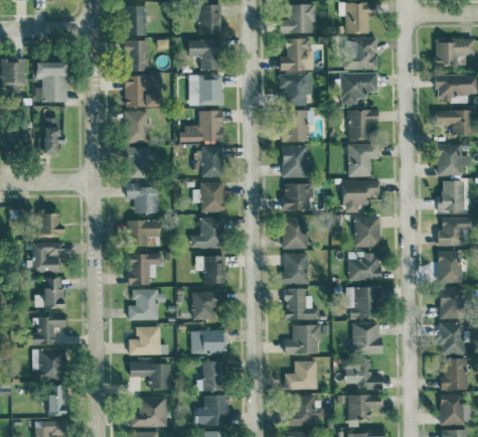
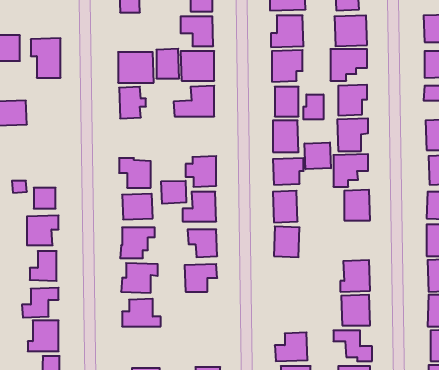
building: [126,40,149,70] -> [156,49,179,78]
building: [43,118,61,152] -> none
building: none -> [303,94,323,119]
building: [200,145,223,176] -> none
building: [128,147,150,178] -> none
building: none -> [305,142,331,169]
building: none -> [161,181,186,204]
building: [347,253,379,281] -> none
building: [284,288,319,319] -> none
building: [284,324,319,353] -> none
building: [190,329,226,354] -> none
building: [196,360,226,391] -> none
building: [129,362,171,389] -> none

